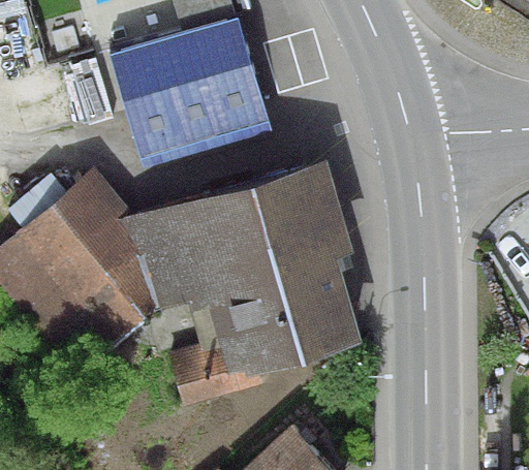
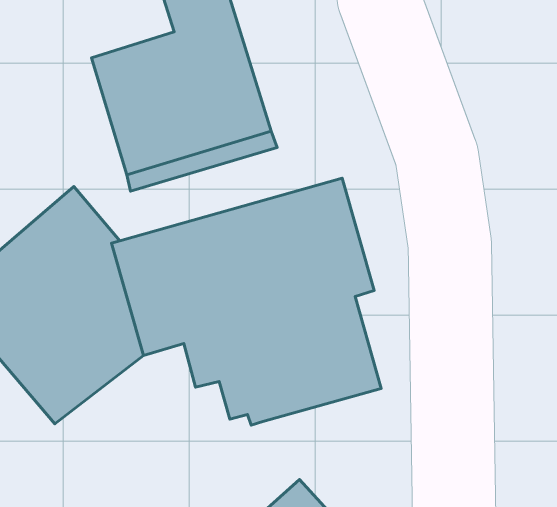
building: [166,338,262,408] -> none

